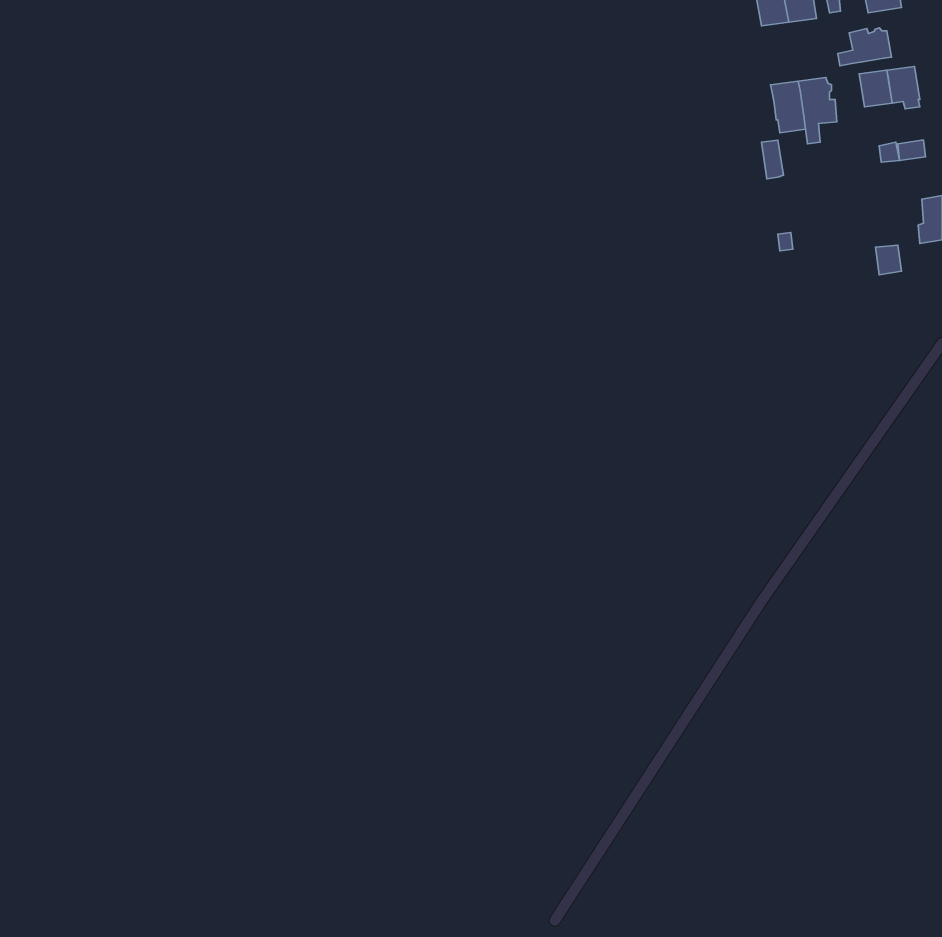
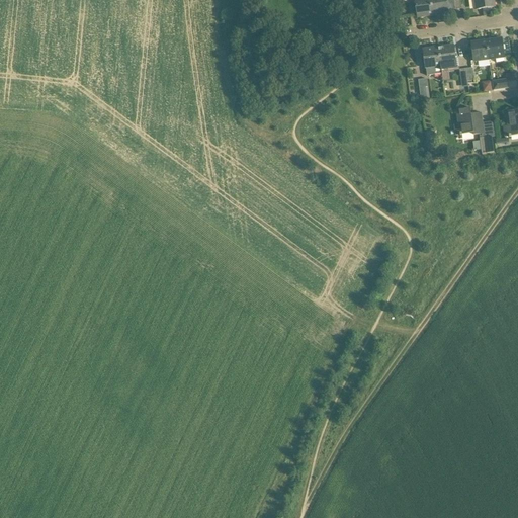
building: [838,28,892,66] -> none
building: none -> [454,105,484,133]

